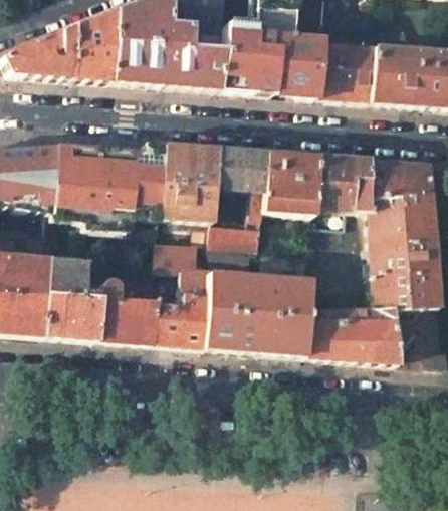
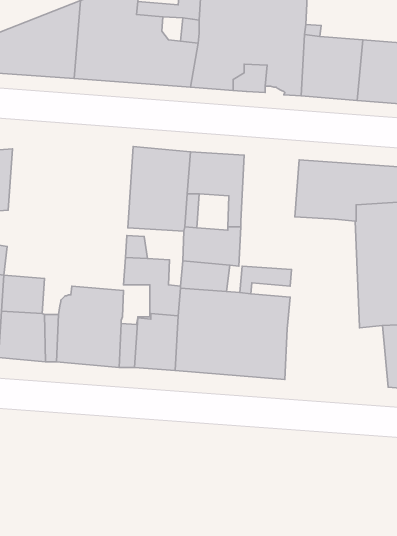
building: [49,142,164,228] -> none
building: [262,151,315,214] -> none
building: [302,306,397,362] -> none

